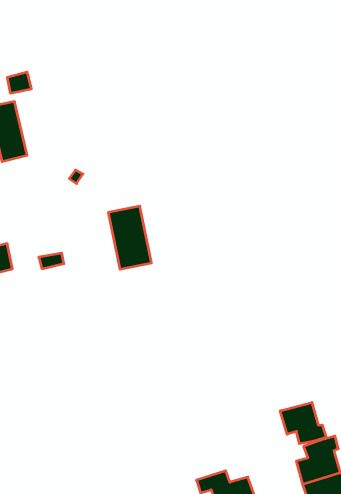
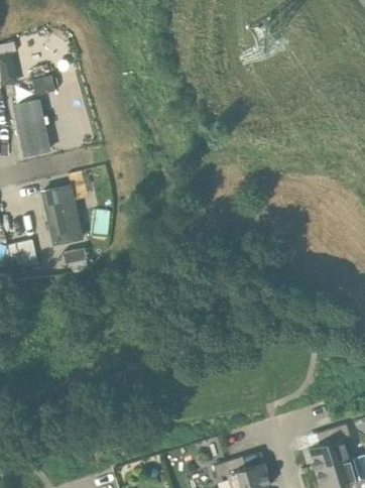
building: [108,206,151,269] -> [42,189,84,249]
building: [280,402,326,444] -> none

